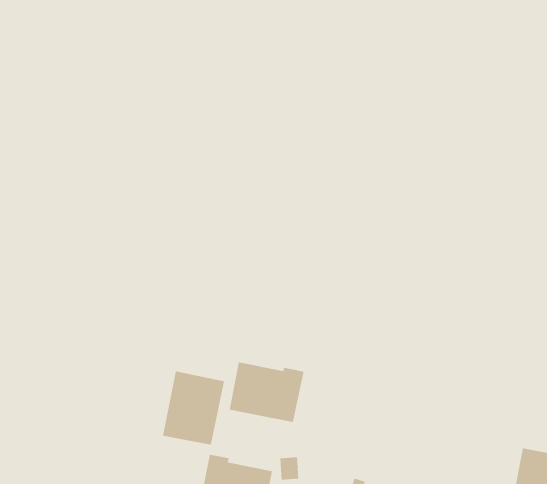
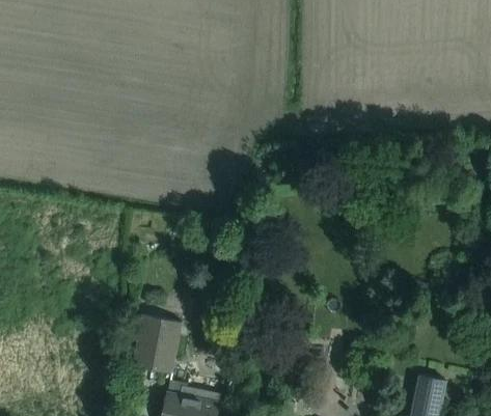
building: [229,362,304,423] -> none

